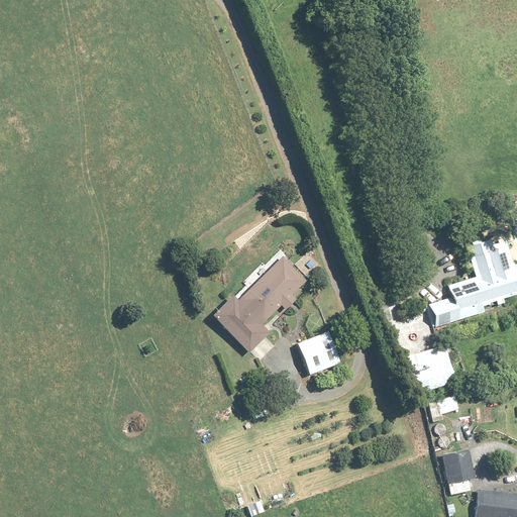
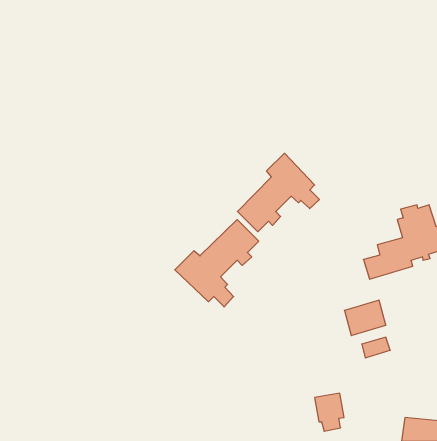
building: none -> [237,153,319,232]
building: [297,330,342,376] -> none
building: [442,448,477,493] -> [315,393,344,431]

